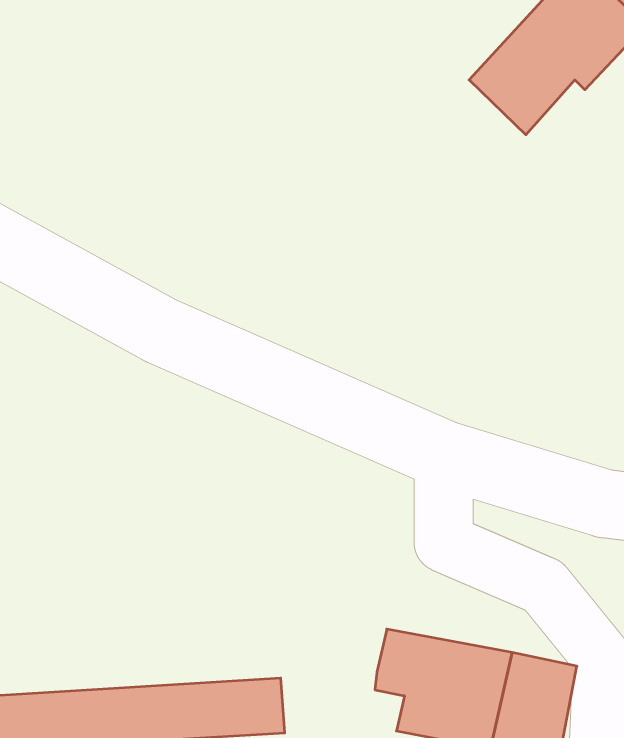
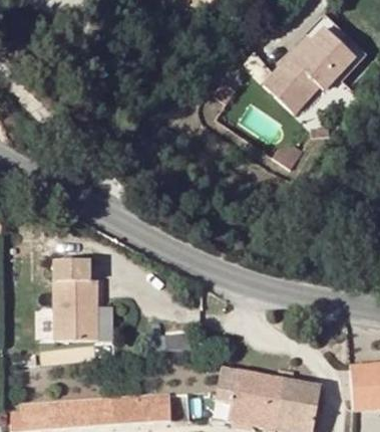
building: none -> [54,261,98,342]

